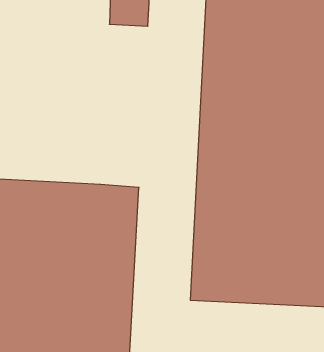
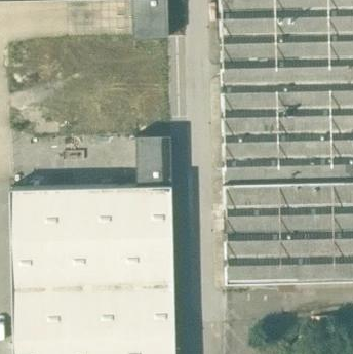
building: none -> [136,135,172,185]

